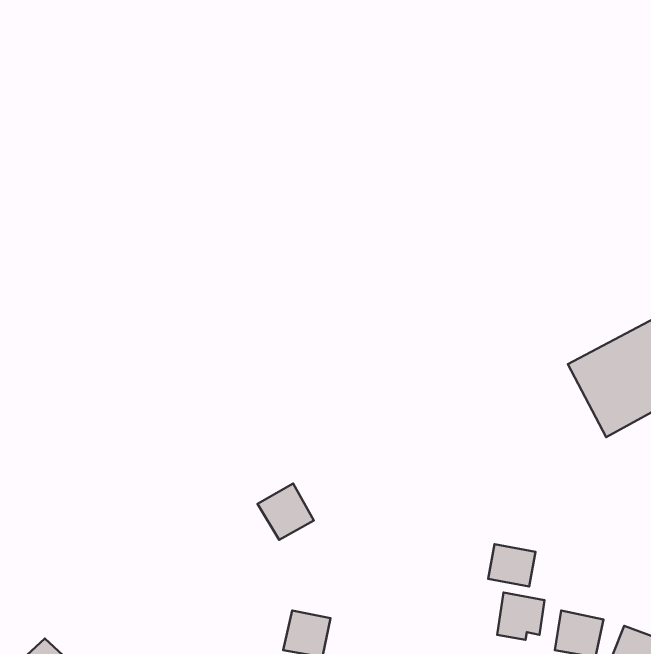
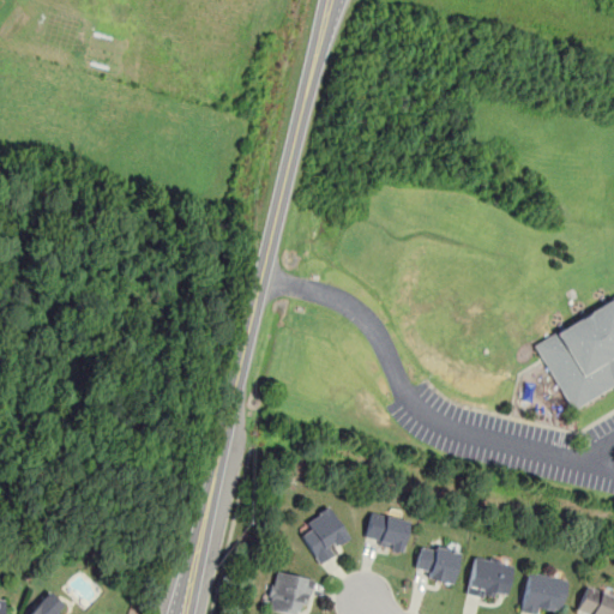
building: [257,483,314,540] -> [299,508,351,561]
building: [488,544,536,586] -> [416,543,460,583]
building: none -> [366,512,410,550]

